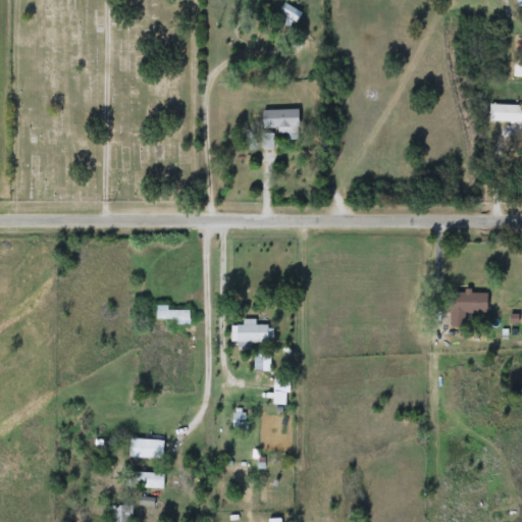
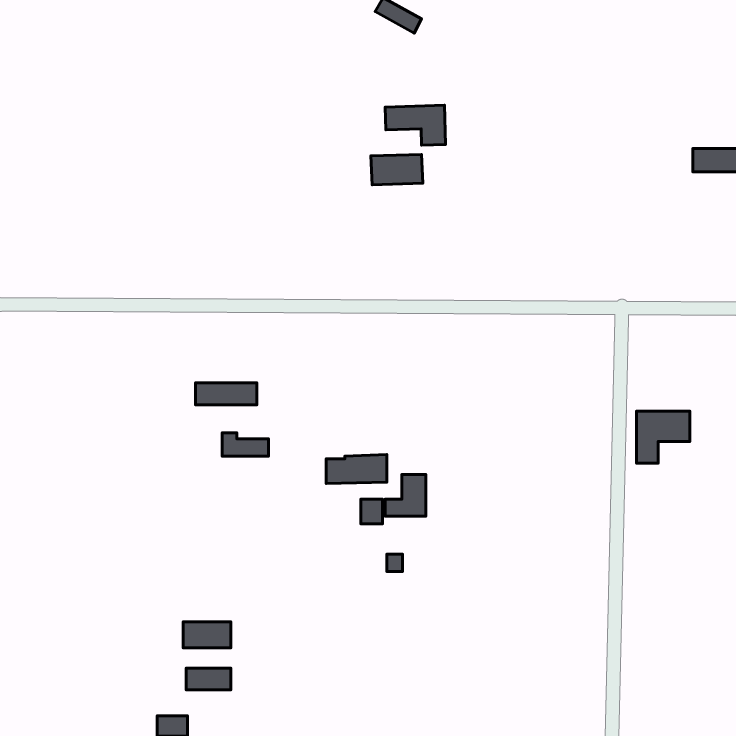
building: none -> [385,105,446,145]
building: none -> [195,383,257,405]
building: none -> [385,475,426,516]

